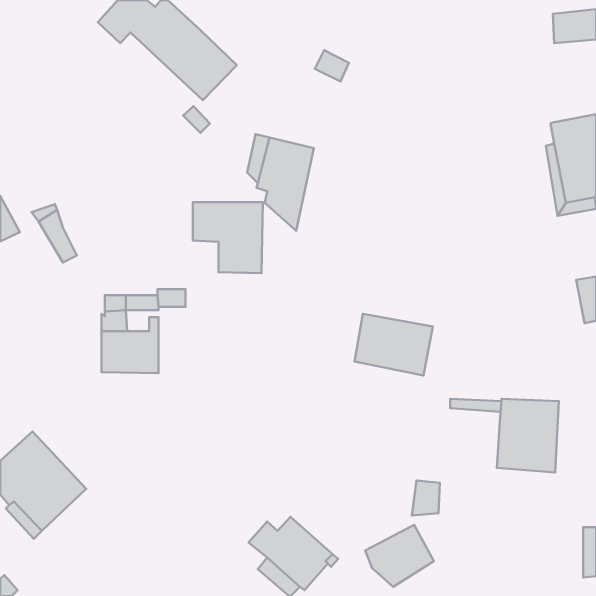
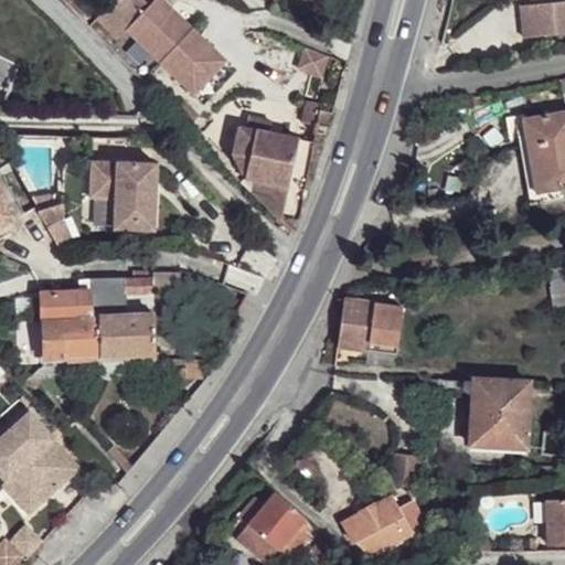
building: [193,202,263,273] -> [85,158,151,225]
building: none -> [39,278,96,352]

